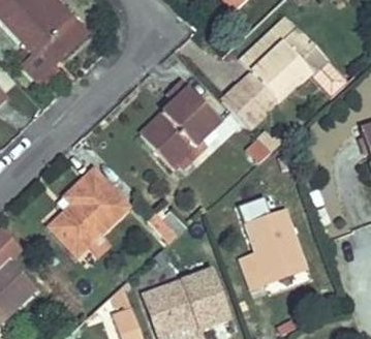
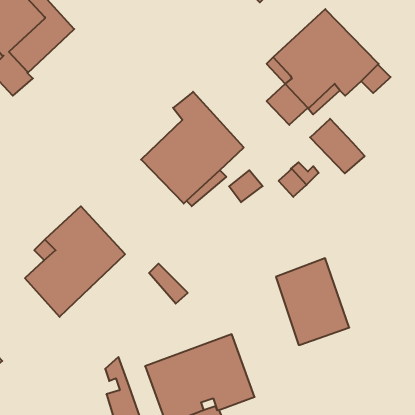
building: [222,87,265,129] -> [310,119,365,173]
building: [239,251,304,288] -> none

